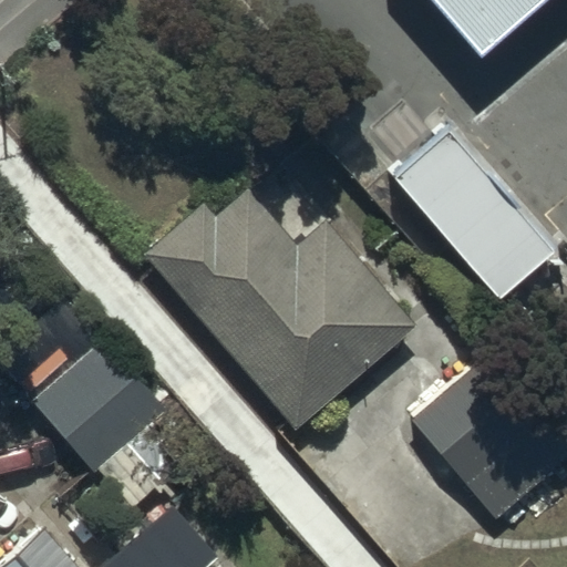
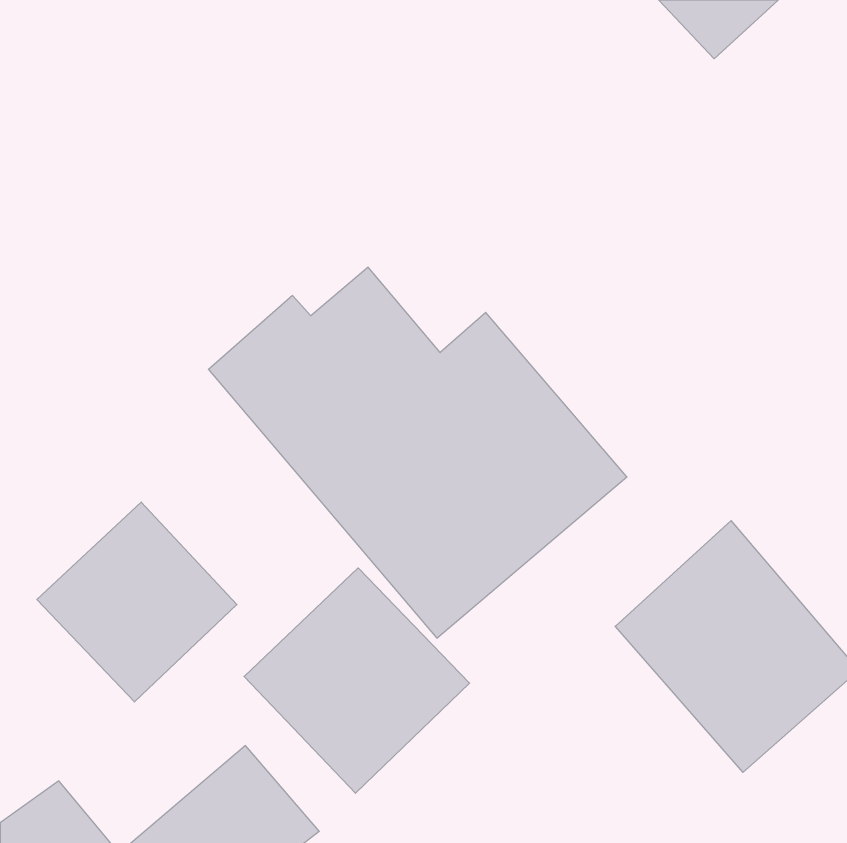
building: [391,125,553,295] -> none
building: none -> [244,568,470,793]

